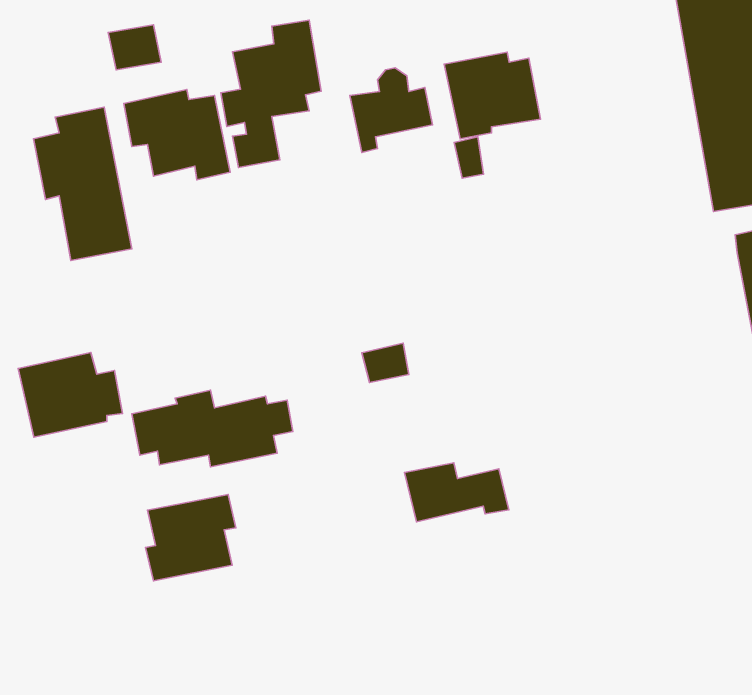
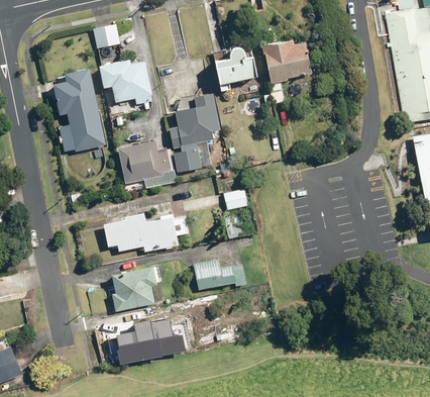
building: [221,20,321,168] -> [170,93,221,169]
building: [18,353,122,437] -> [118,140,172,184]
building: [405,463,509,522] -> [191,260,244,290]
building: none -> [106,311,185,363]

